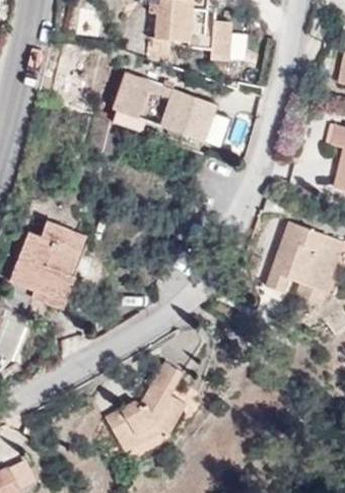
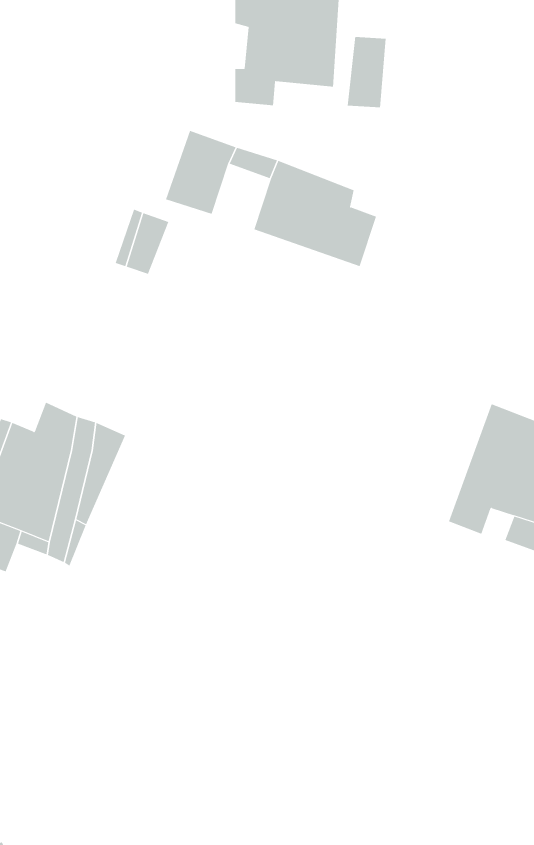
building: [106,361,185,451] -> none

